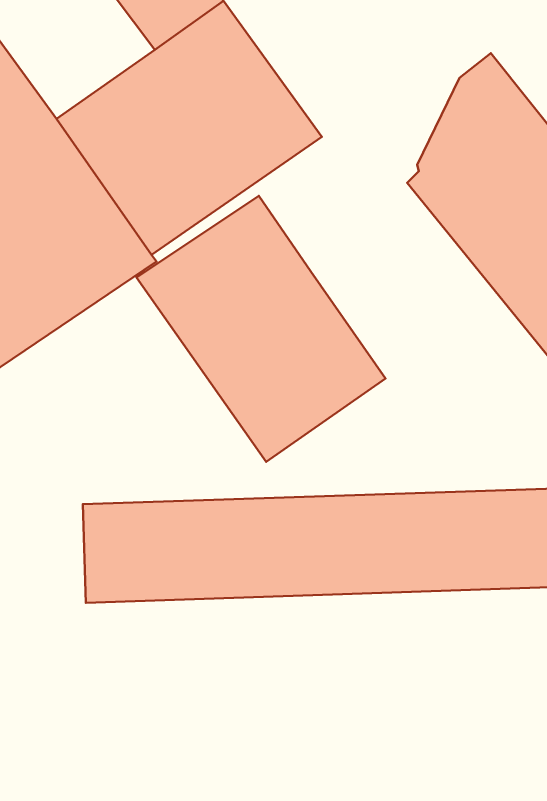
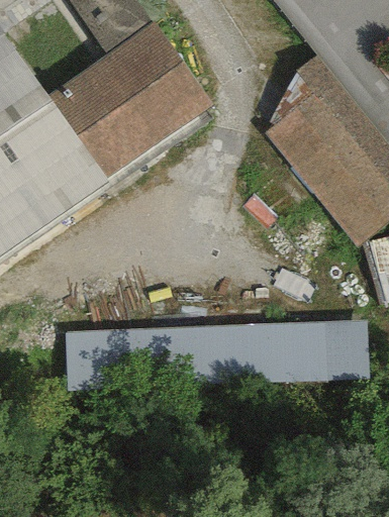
building: [137,196,385,462] -> none

